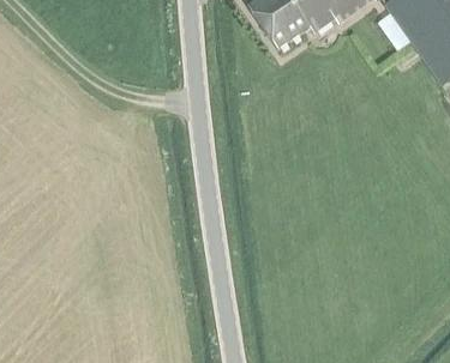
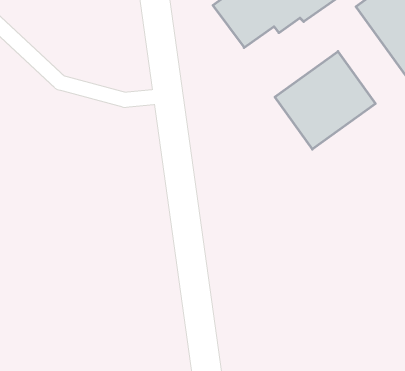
building: none -> [275,51,375,149]

